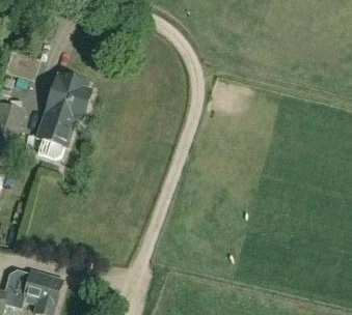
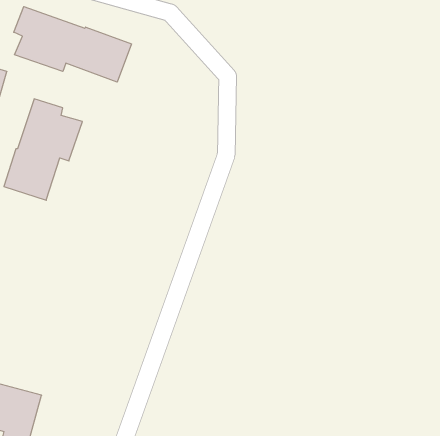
building: none -> [14,7,132,82]

